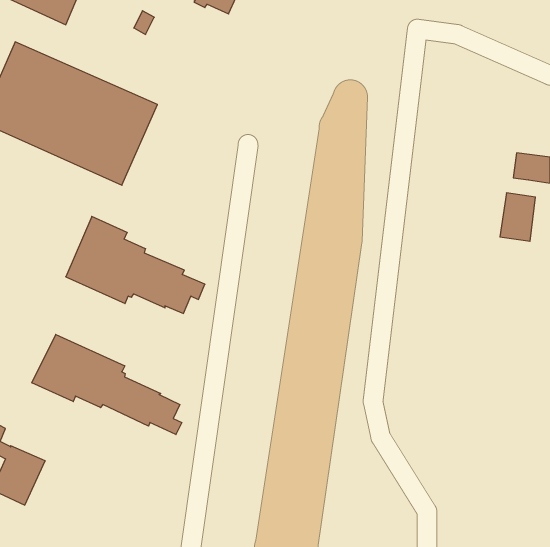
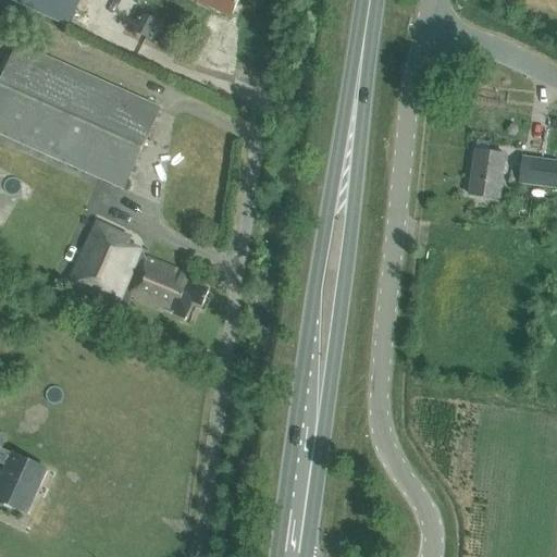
building: [500,193,535,241] -> [468,147,504,196]
building: [32,334,182,435] -> none

